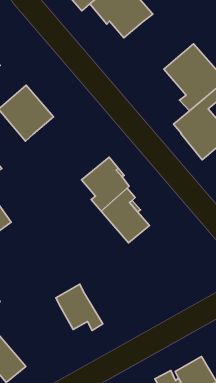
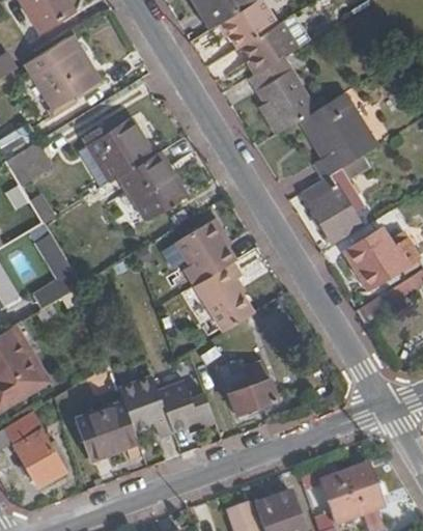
building: none -> [246,56,317,133]
building: none -> [122,153,186,219]
building: none -> [224,362,276,414]
building: none -> [154,375,216,430]
building: none -> [77,400,138,459]

